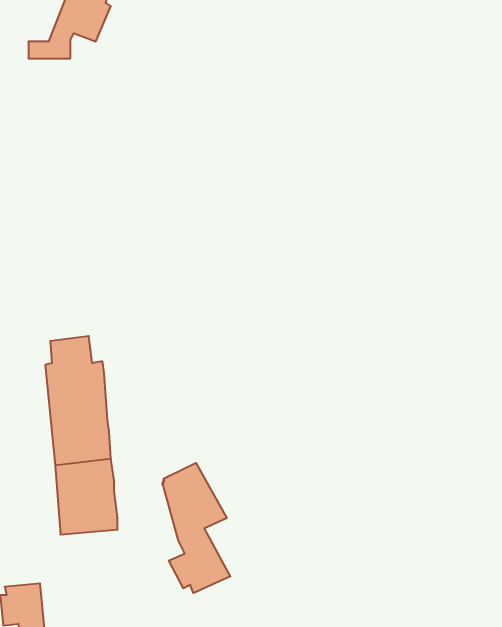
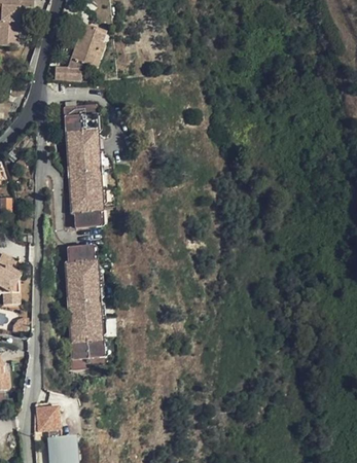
building: none -> [64,109,102,228]
building: [162,463,230,593] -> none

